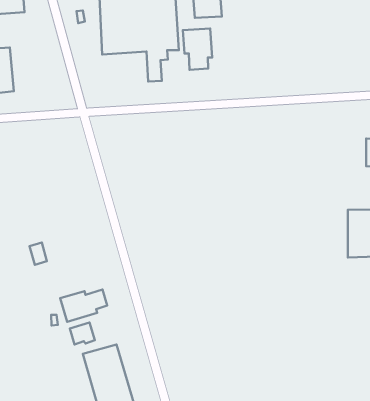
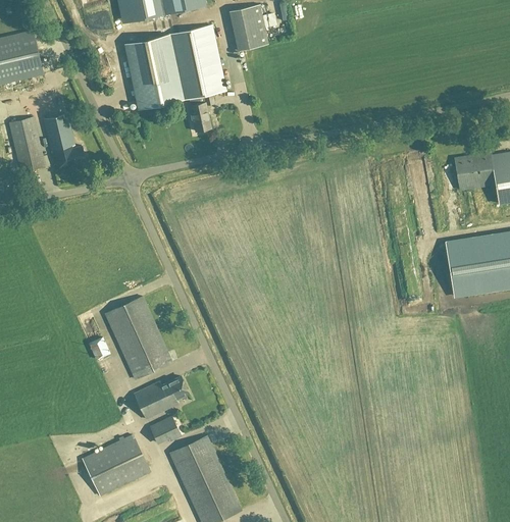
building: [183,28,212,70] -> none
building: none -> [44,113,86,171]
building: none -> [105,297,172,379]
building: none -> [83,435,150,494]

